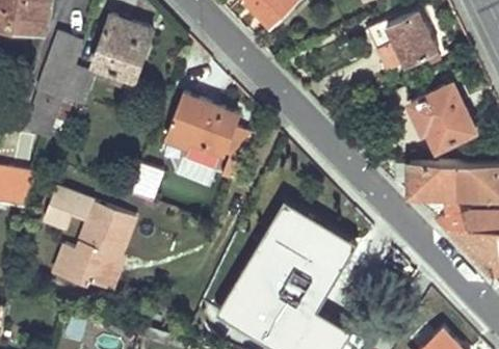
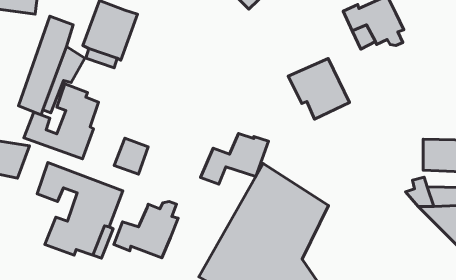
building: [410,82,475,146] -> [288,59,350,119]
building: none -> [24,84,98,159]
building: [163,106,236,160] -> [200,134,269,184]
building: [410,162,456,197] -> none
building: none -> [114,201,178,258]

